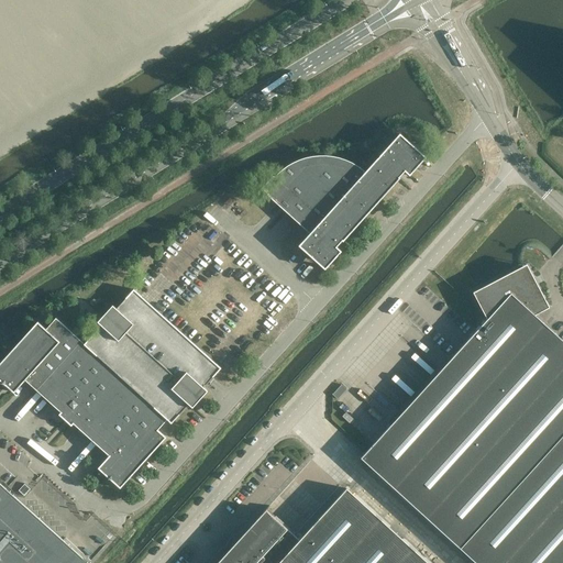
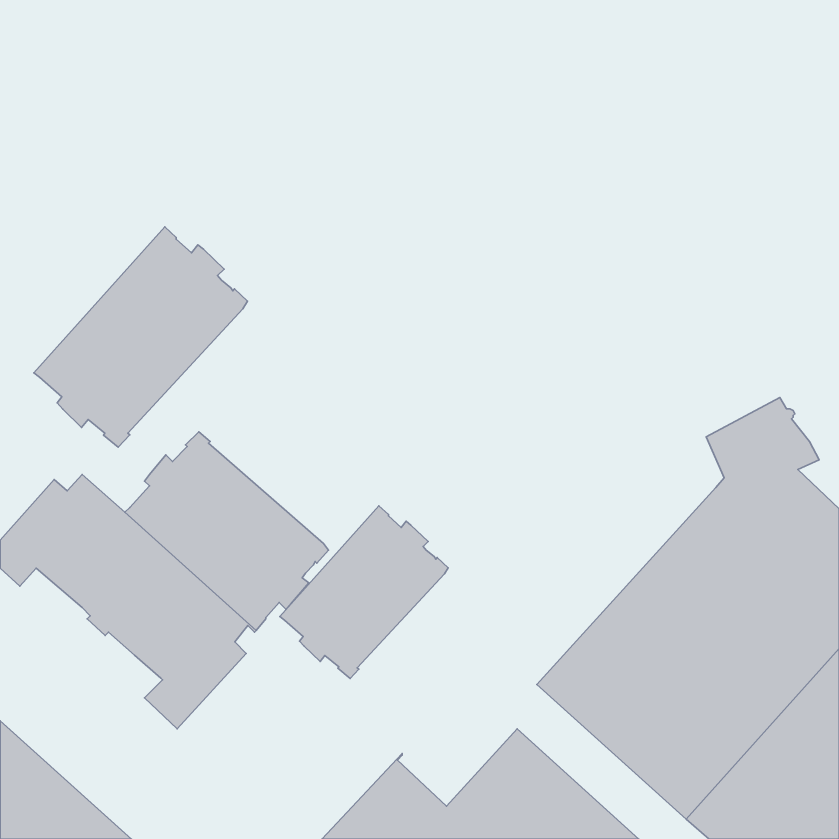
building: [261,133,426,269] -> none
building: none -> [34,227,248,447]
building: none -> [280,506,448,678]

